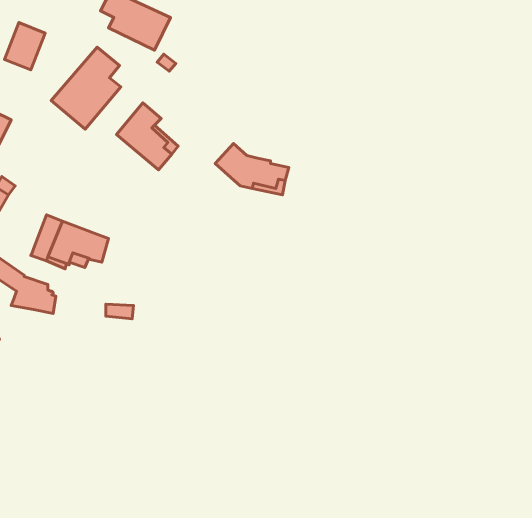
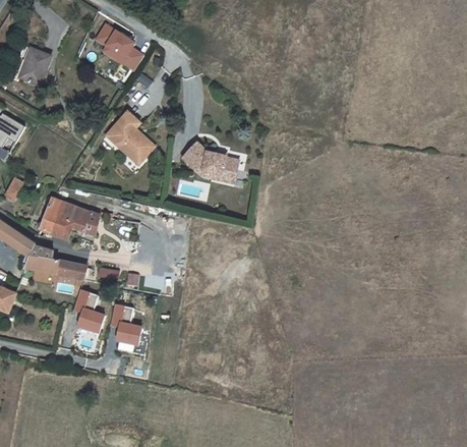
building: [51,47,121,129] -> none
building: none -> [57,261,86,280]
building: none -> [72,287,105,332]
building: none -> [110,302,142,344]

